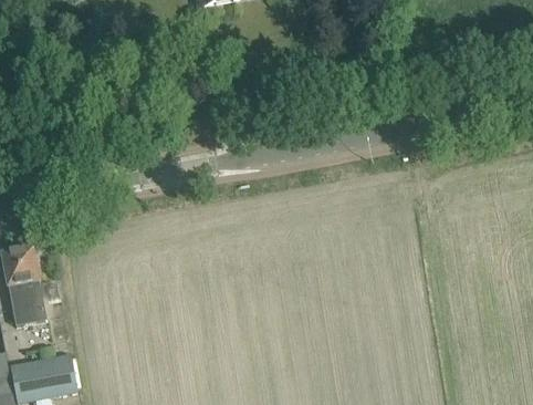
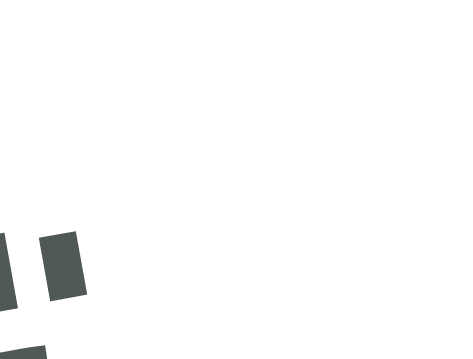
building: none -> [38,230,88,302]

